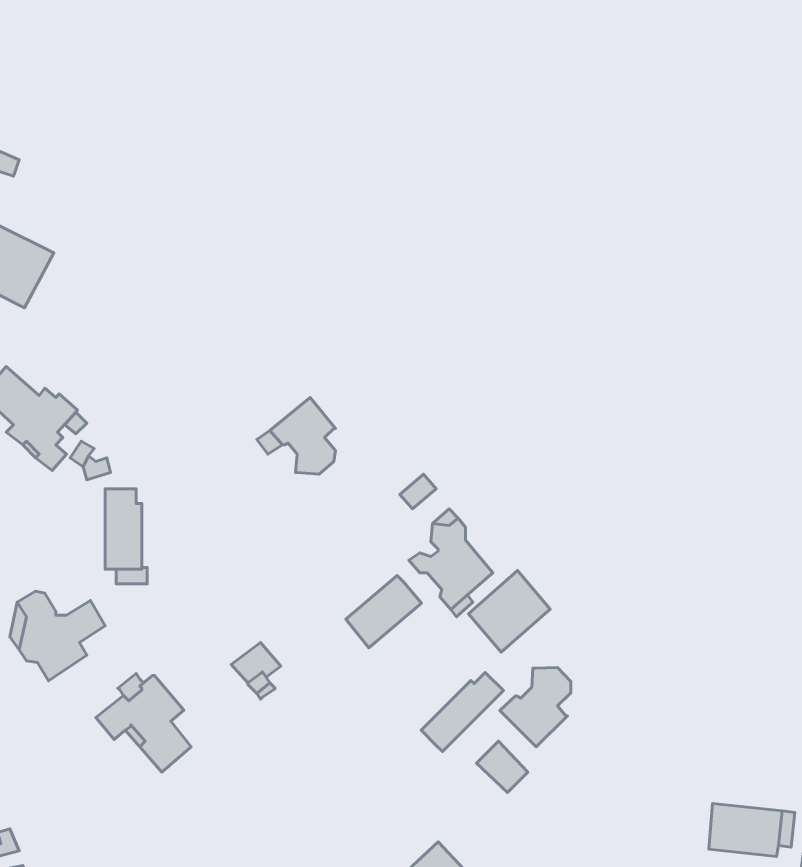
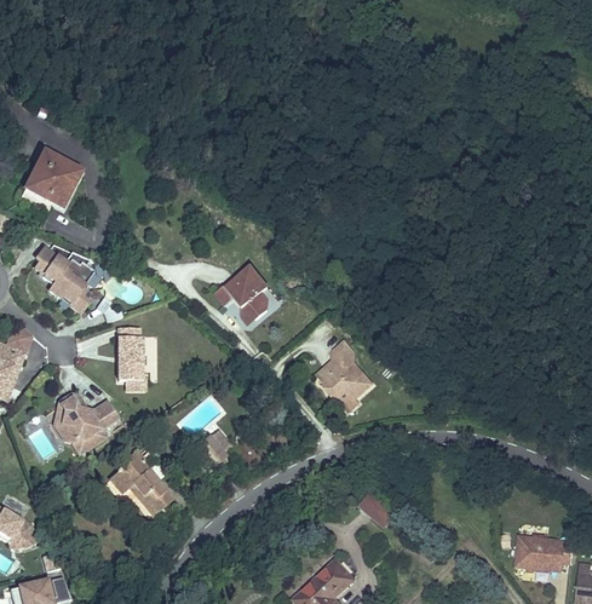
building: [468,571,550,652] -> none
building: [346,575,422,648] -> none
building: [500,667,571,747] -> none
building: [421,673,503,752] -> none

